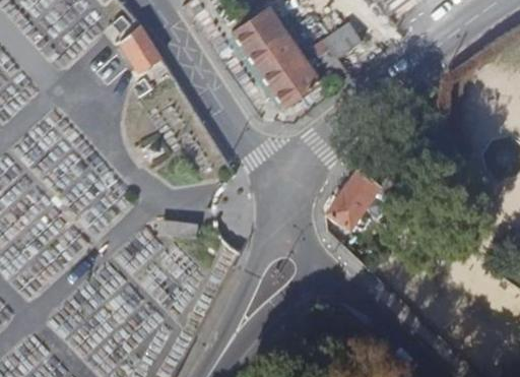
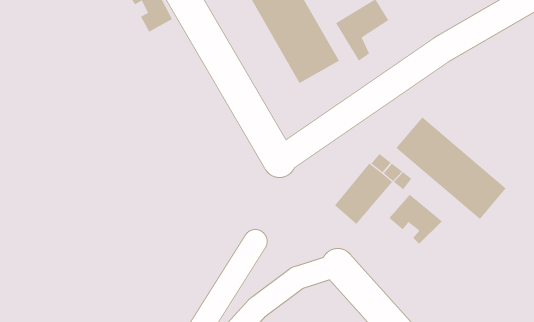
building: none -> [396,116,507,220]
building: none -> [388,194,443,244]

